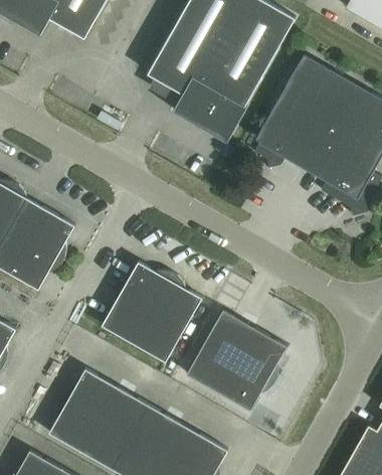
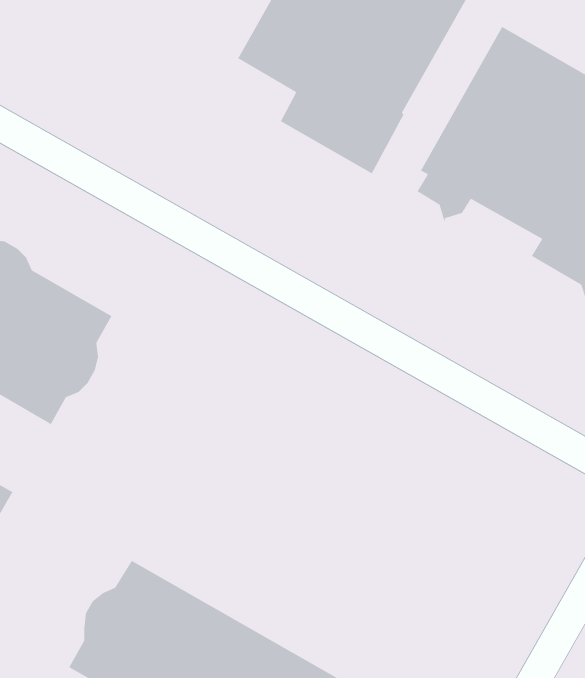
building: [102,262,202,362] -> none
building: [186,310,286,411] -> none

